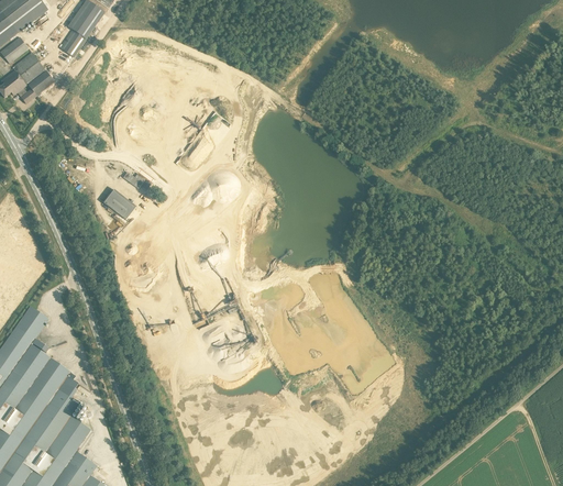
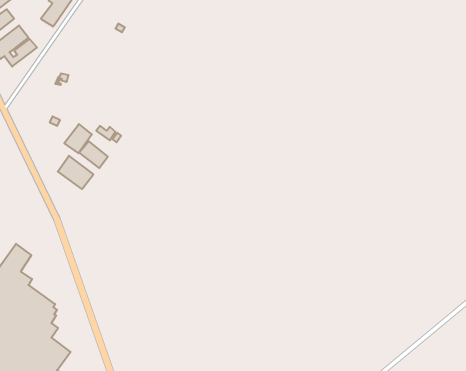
building: none -> [64,124,92,153]
building: none -> [58,156,93,189]

